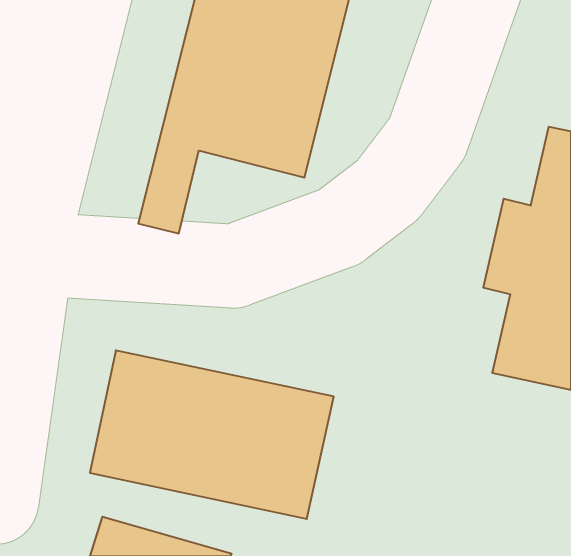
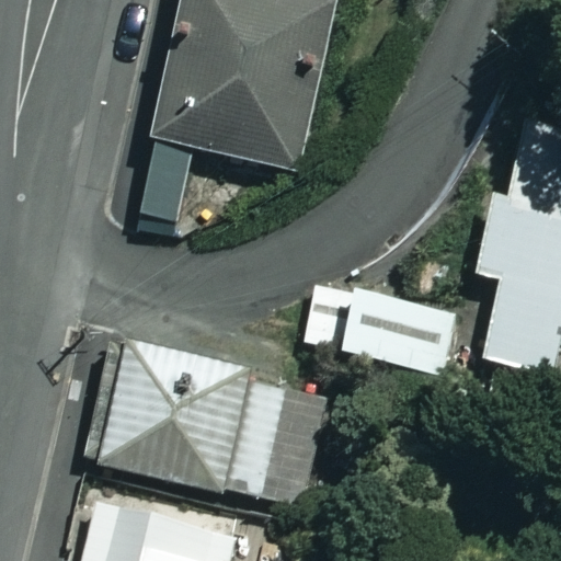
building: none -> [347,288,463,376]

